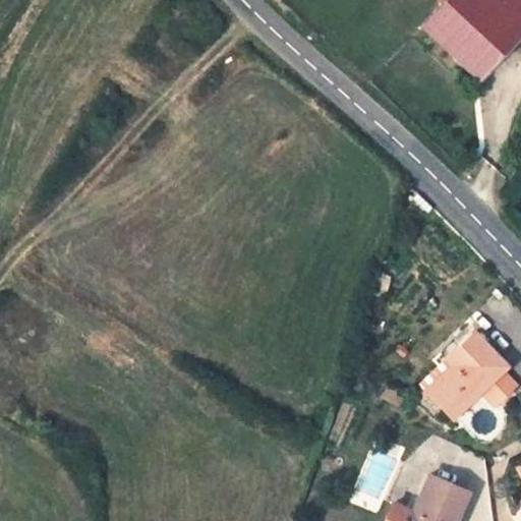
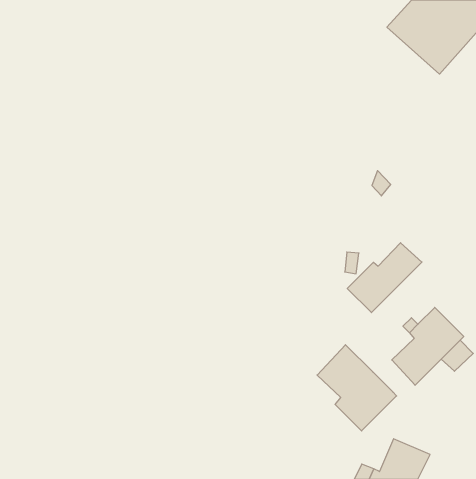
building: none -> [347,243,422,313]
building: none -> [317,345,397,431]

